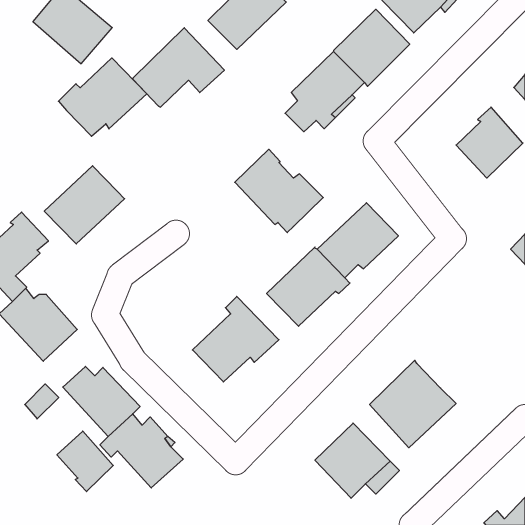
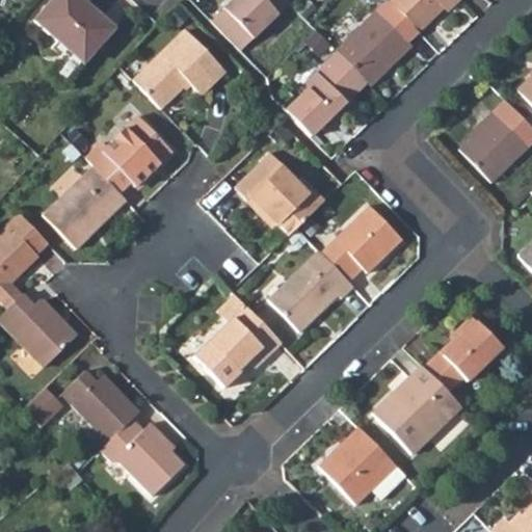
building: [58,58,147,136] -> [85,114,175,193]
building: none -> [421,316,499,392]
building: [57,431,113,492] -> none

